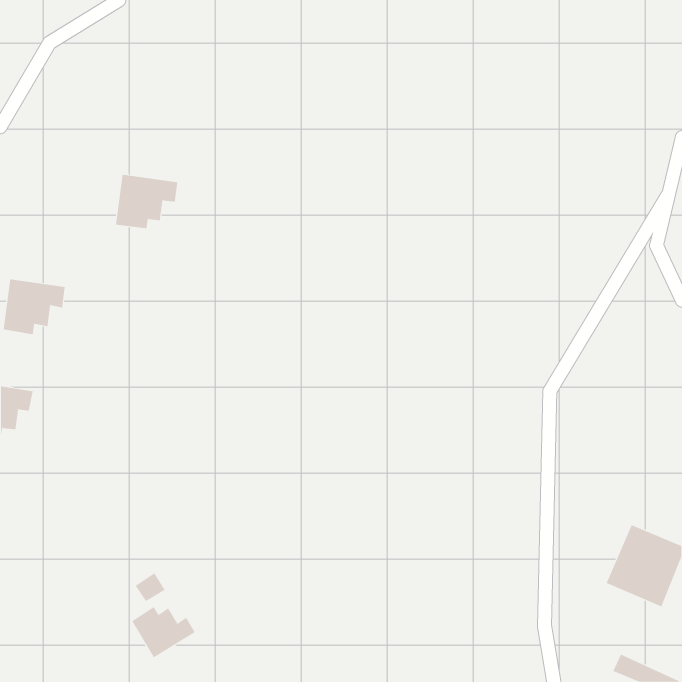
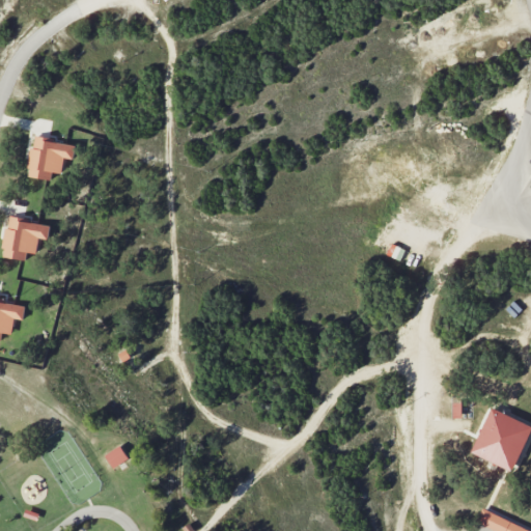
building: [115,174,178,229] -> [27,137,76,179]
building: [131,606,195,658] -> none

